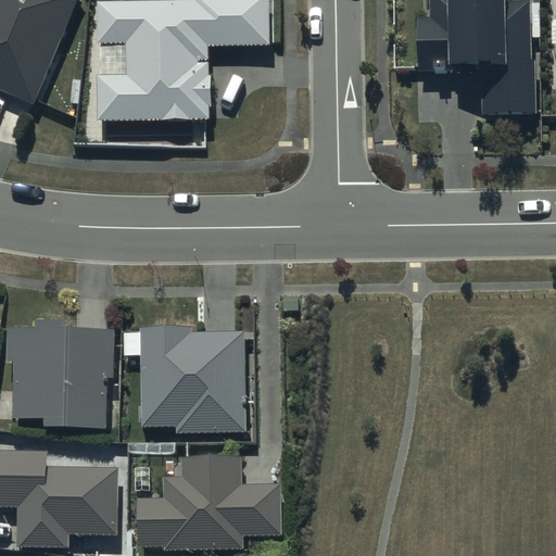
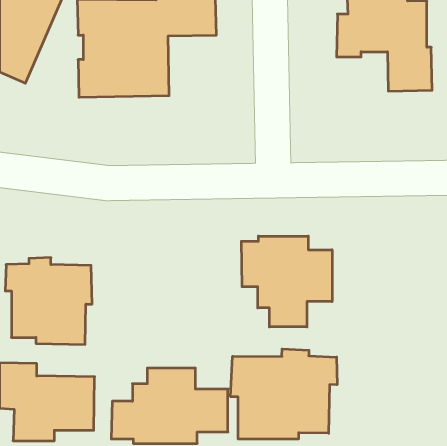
building: none -> [241,236,332,327]
building: [140,326,243,431] -> none
building: none -> [231,349,337,439]

